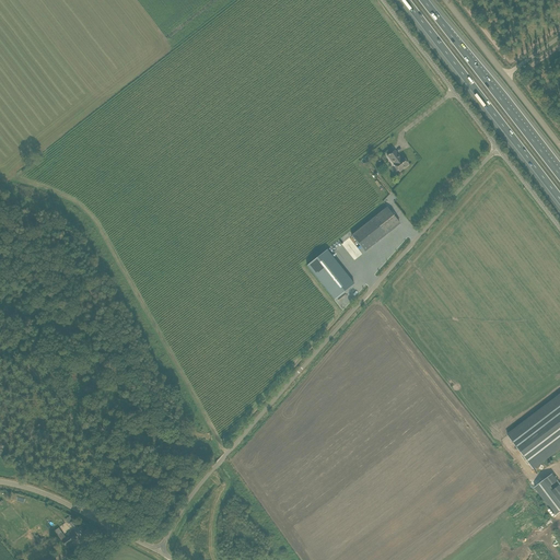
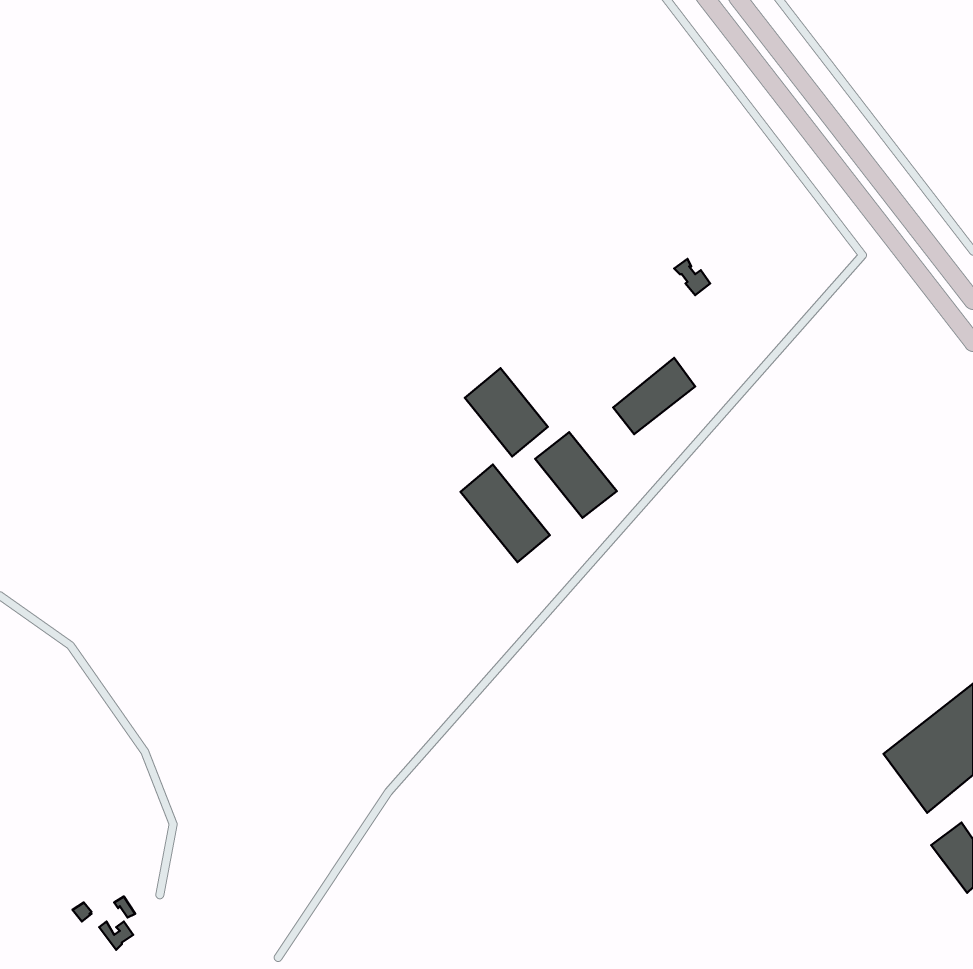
building: none -> [465,368,548,456]
building: none -> [461,465,550,562]

